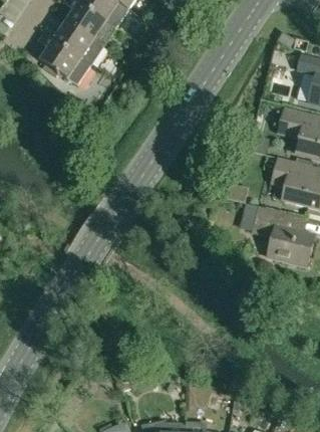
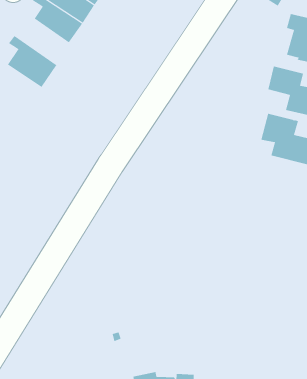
building: none -> [7,35,57,88]
building: [252,205,315,265] -> none

